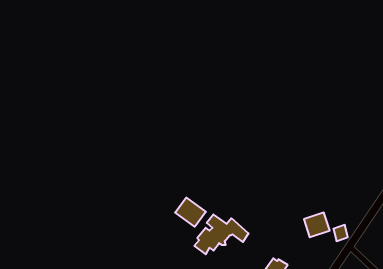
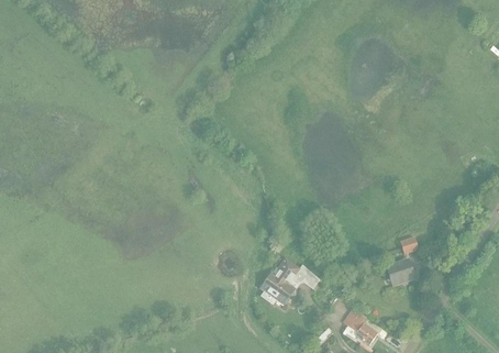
building: [175,198,206,227] -> none

